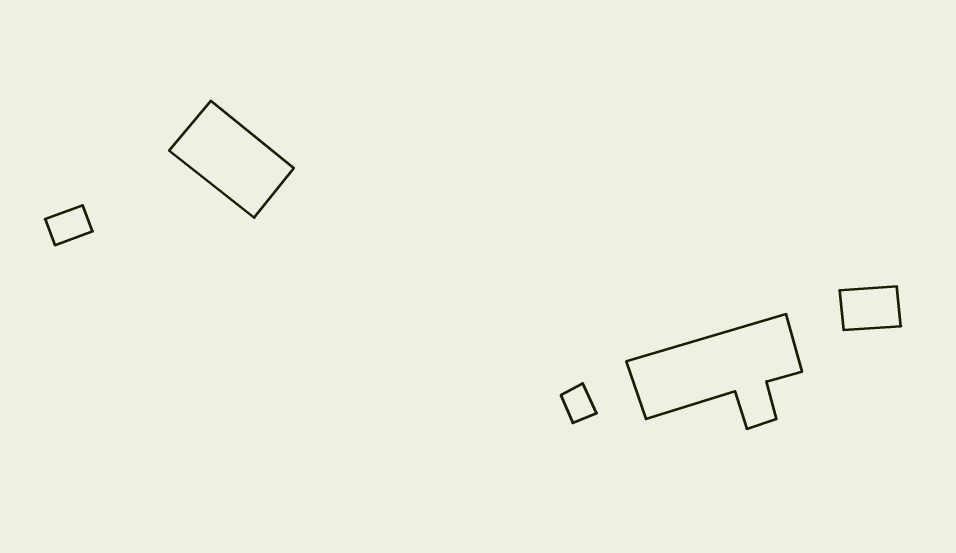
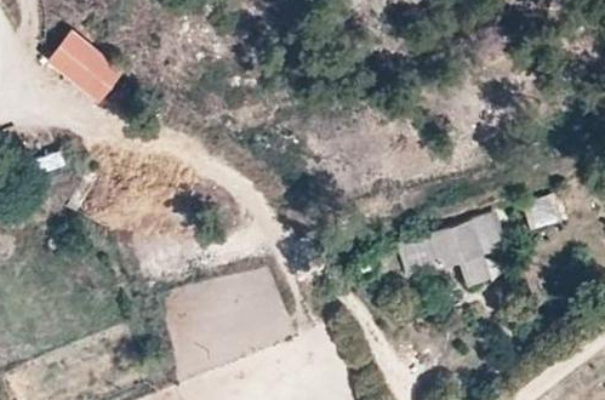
building: [169,101,294,218] -> [50,33,126,104]

